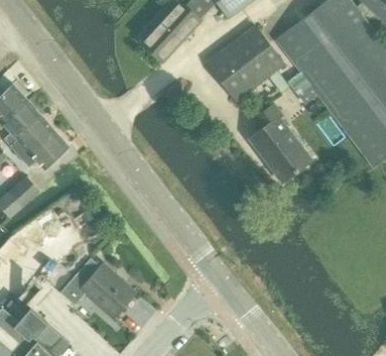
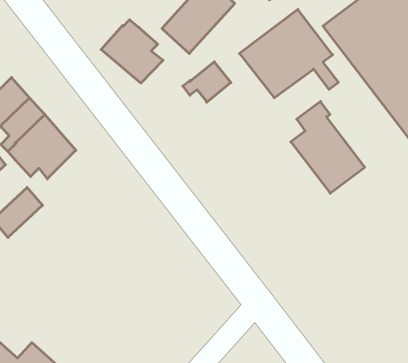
building: none -> [101,20,163,83]
building: none -> [183,62,231,102]
building: [60,259,135,318] -> none

